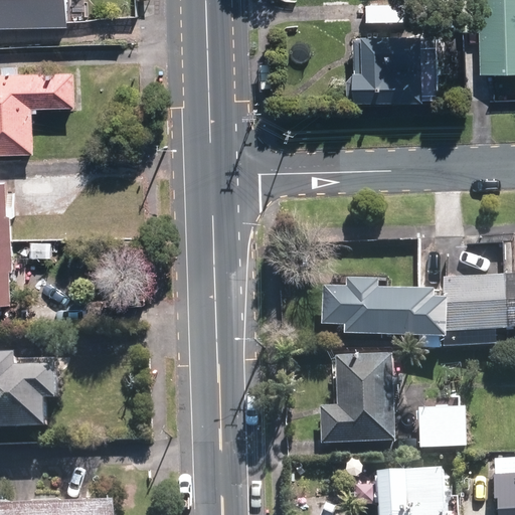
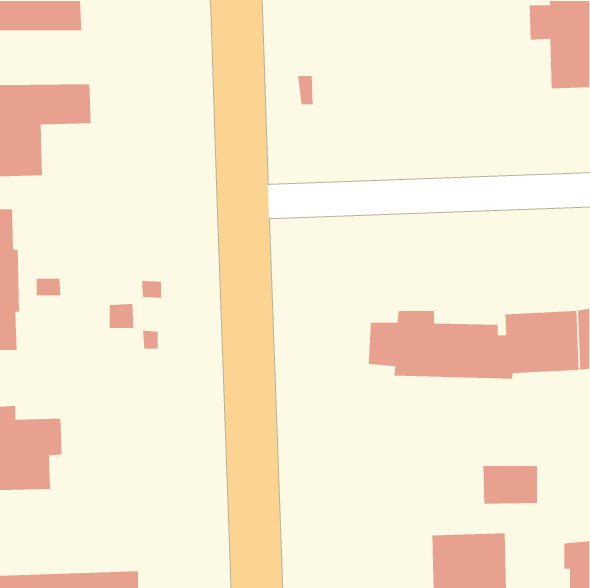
building: [354,42,438,110] -> none
building: [321,350,396,440] -> none

